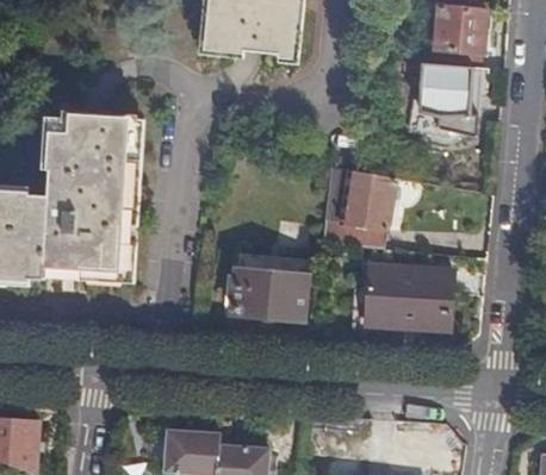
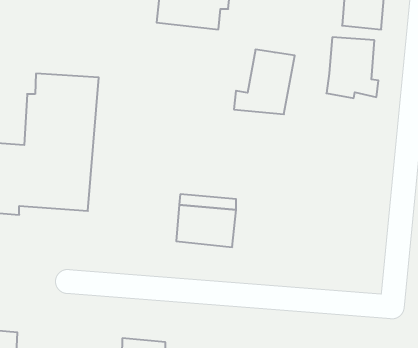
building: [321,170,395,249] -> [234,50,295,114]
building: [366,267,452,327] -> none

